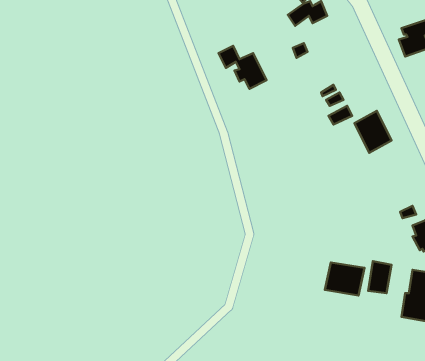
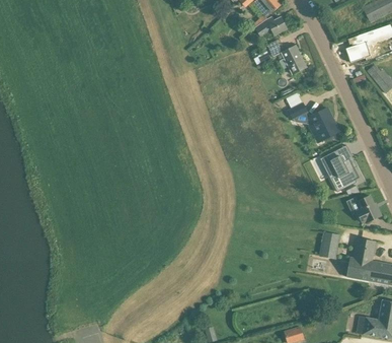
building: [218,46,267,89] -> [267,40,307,75]
building: none -> [322,150,360,189]
building: [325,262,364,295] -> none

